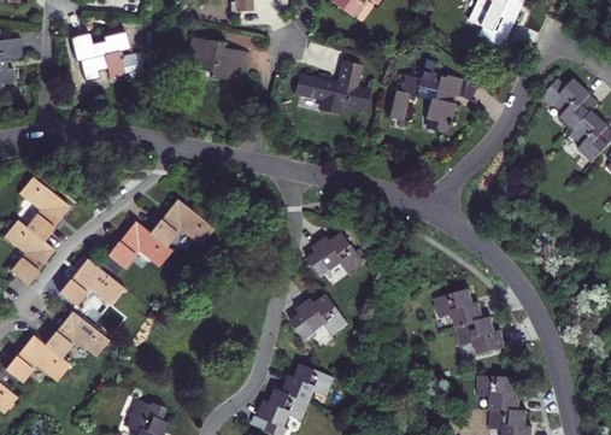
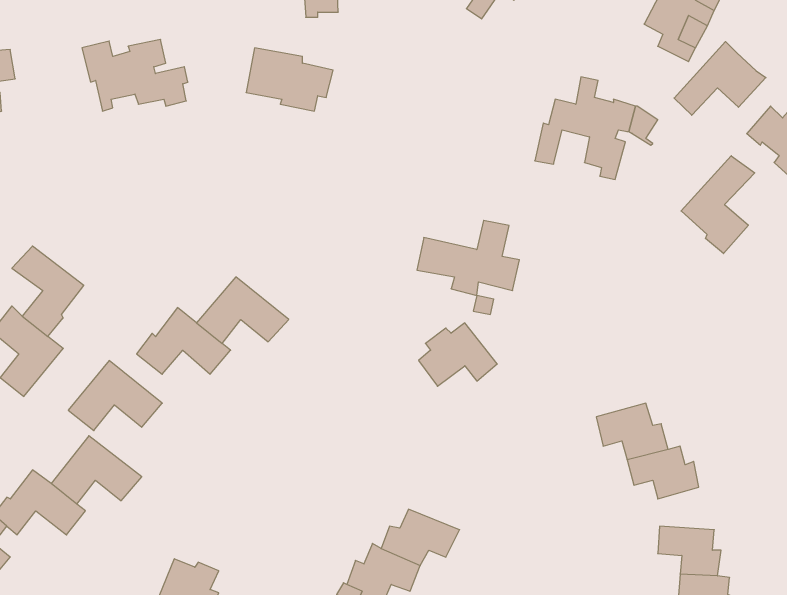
building: none -> [674,42,766,115]
building: [298,63,370,116] -> [417,220,519,296]
building: none -> [681,156,755,254]
building: [289,293,348,341] -> none

